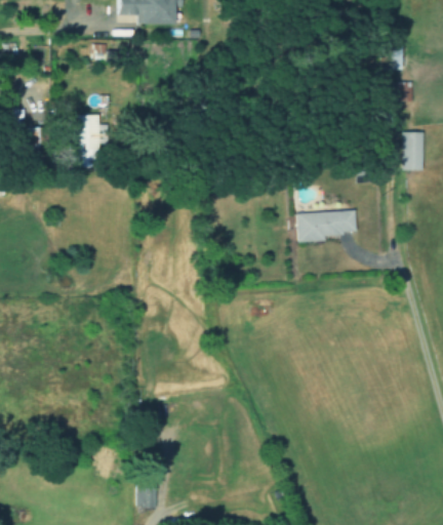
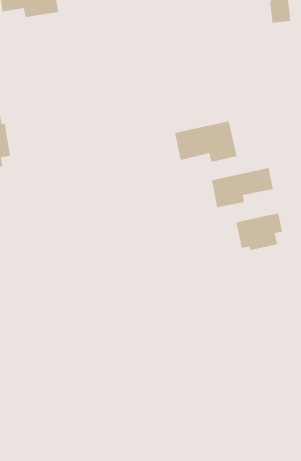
building: none -> [174,121,237,163]
building: none -> [235,212,283,251]

